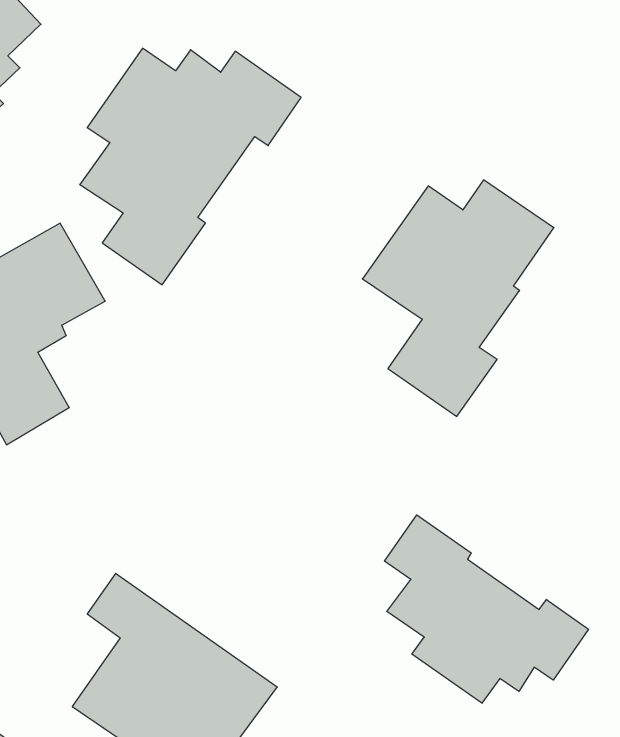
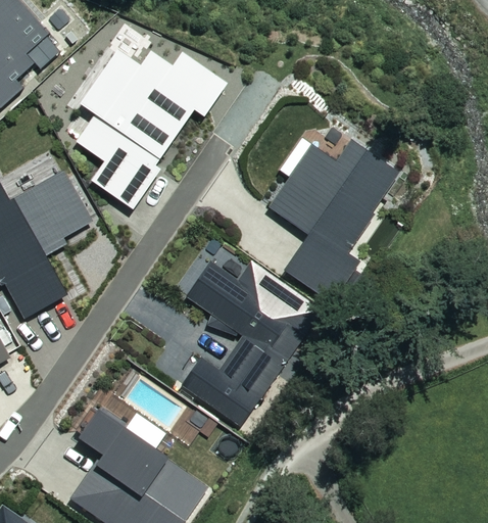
building: none -> [181,260,322,426]
building: [384,515,589,703] -> none

